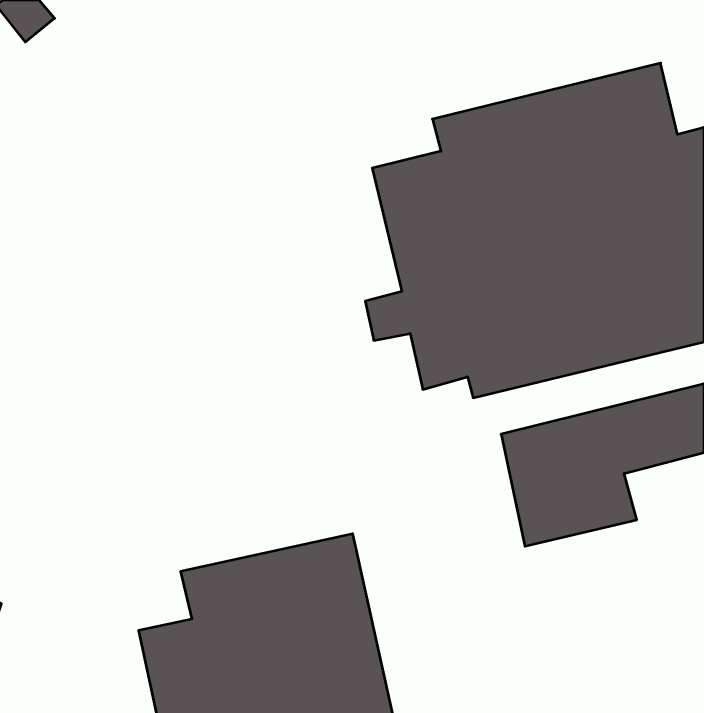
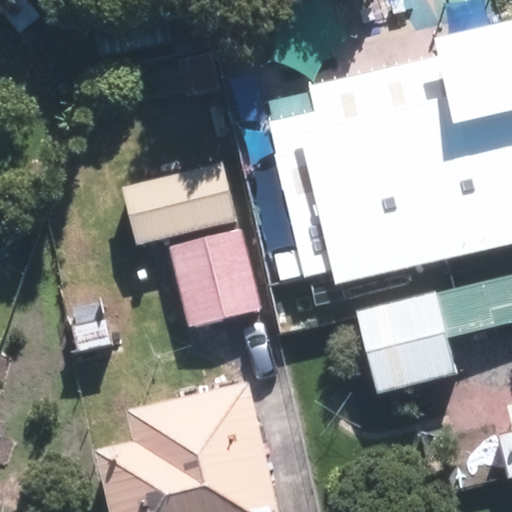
building: none -> [125,161,262,327]

